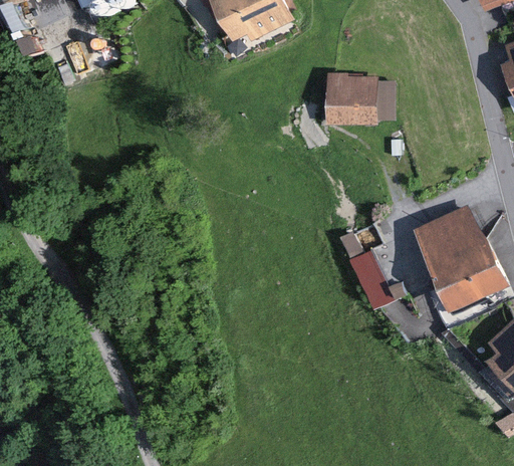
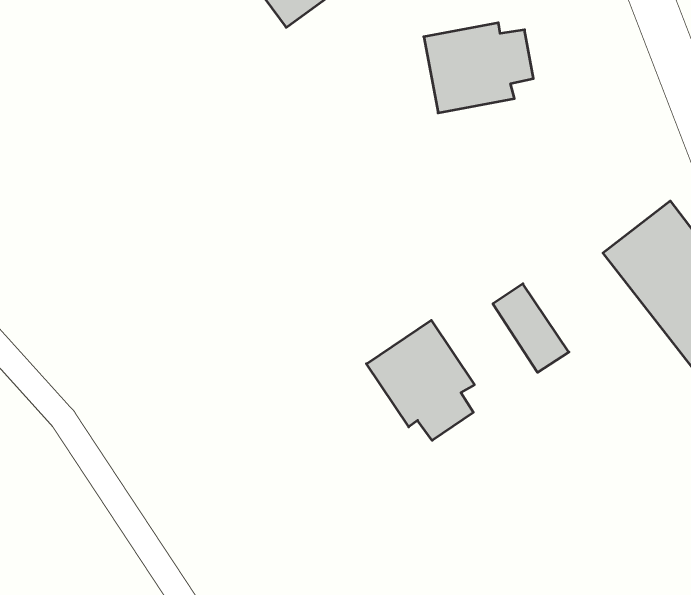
building: none -> [366,320,474,440]

